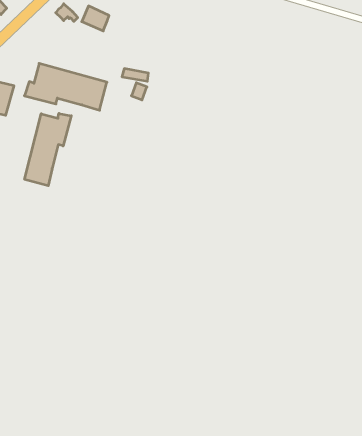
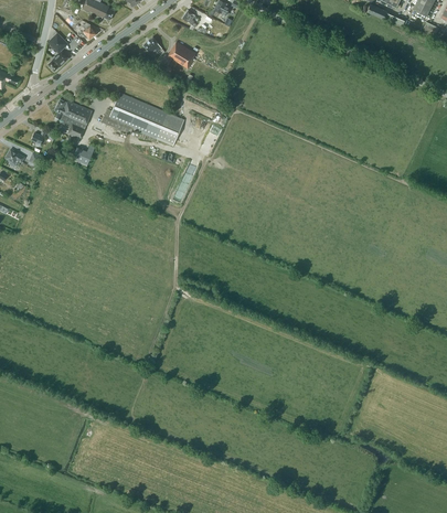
building: [25,113,71,186] -> none

